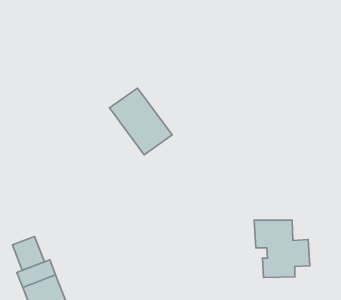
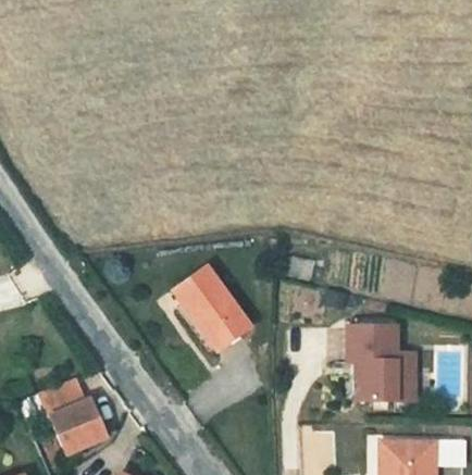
building: [110,88,172,155] -> [175,267,256,353]
building: [12,237,44,270] -> none

